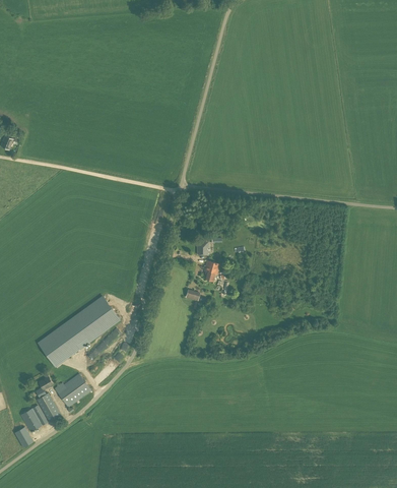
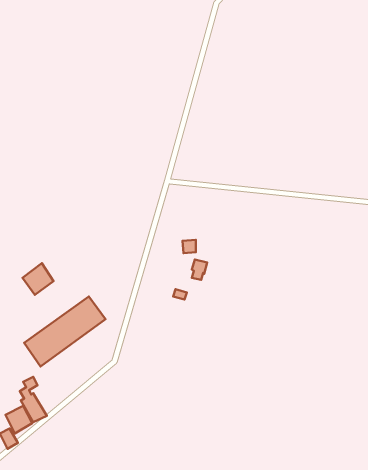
building: none -> [22,263,54,295]
building: [54,373,90,408] -> none

